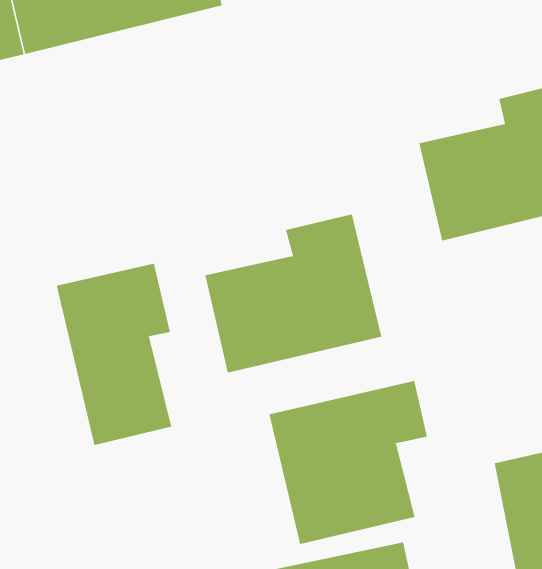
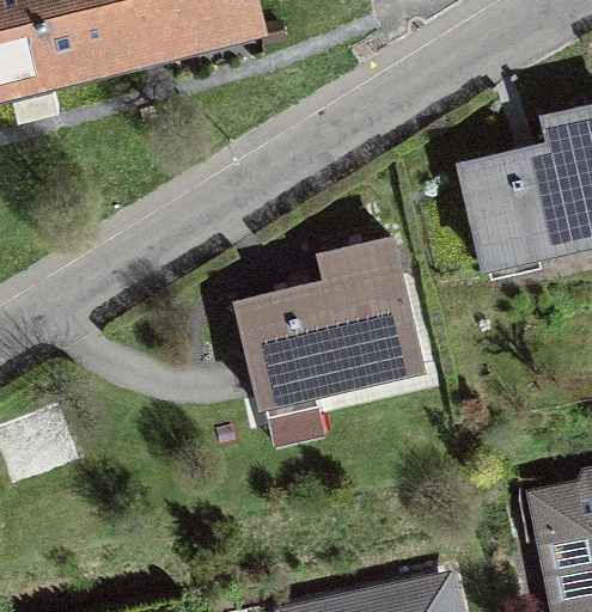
building: [56,263,172,446] -> none
building: [269,380,428,545] -> none

